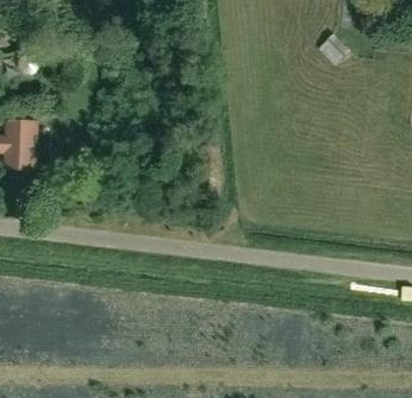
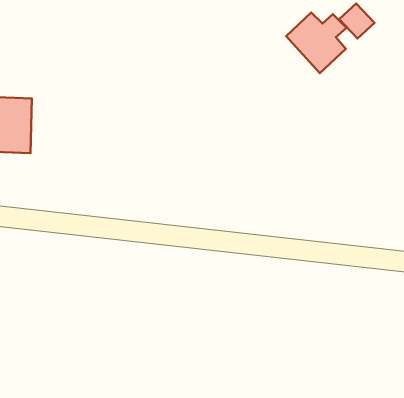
building: none -> [286,13,346,73]

